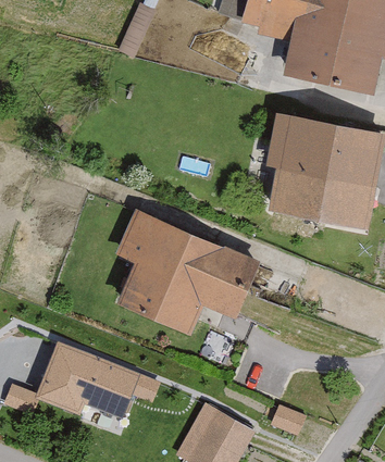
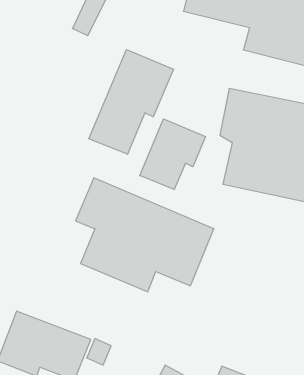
building: none -> [89,50,173,154]
building: none -> [140,119,206,190]

